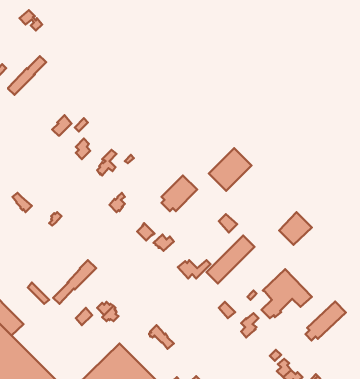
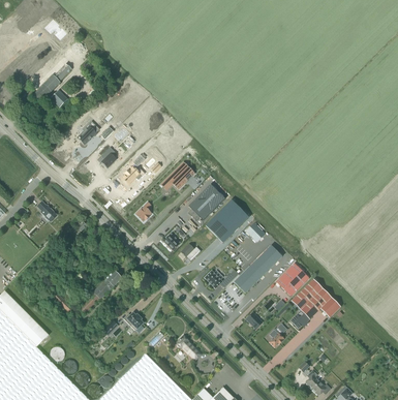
building: [209,148,252,191] -> [204,201,247,244]
building: none -> [159,163,193,191]
building: [279,212,312,245] -> [275,264,308,297]
building: [306,301,346,340] -> none

